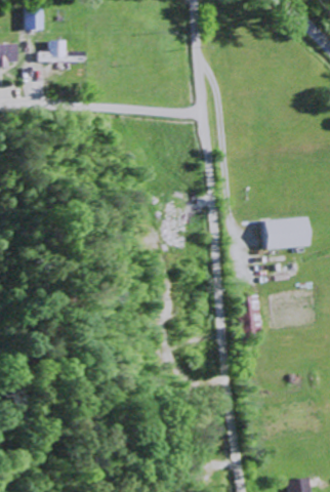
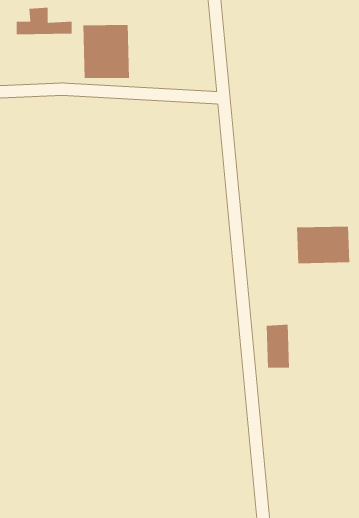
building: none -> [83,24,129,79]

